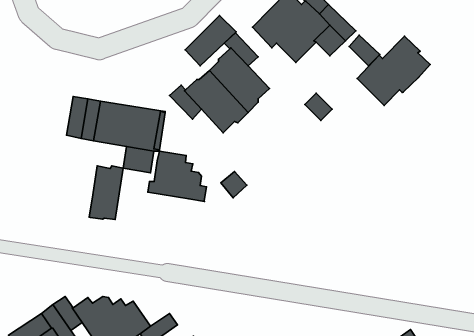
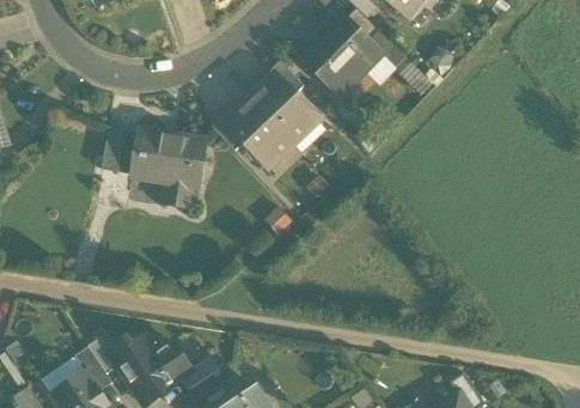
building: [185,16,236,66] -> none
building: [357,36,430,106] -> none
building: [148,151,207,201] -> none
building: [89,166,123,220] -> none

